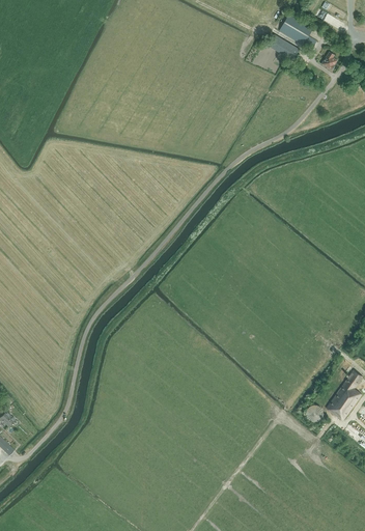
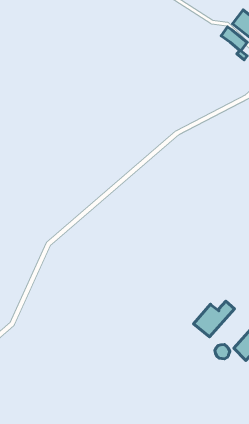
building: none -> [193,301,234,337]

